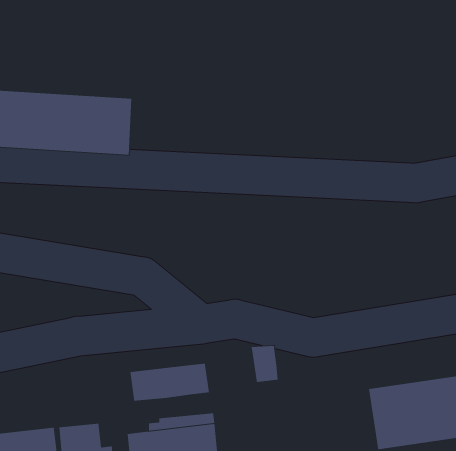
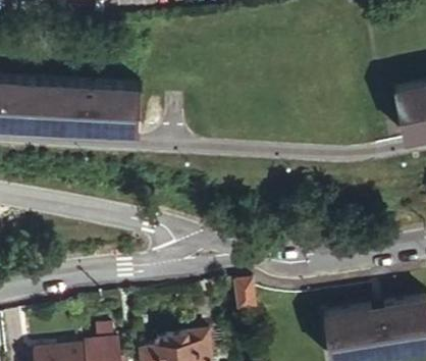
building: [130,363,209,402] -> none

